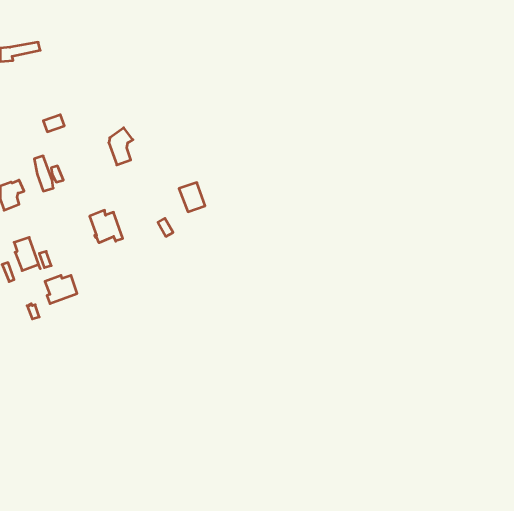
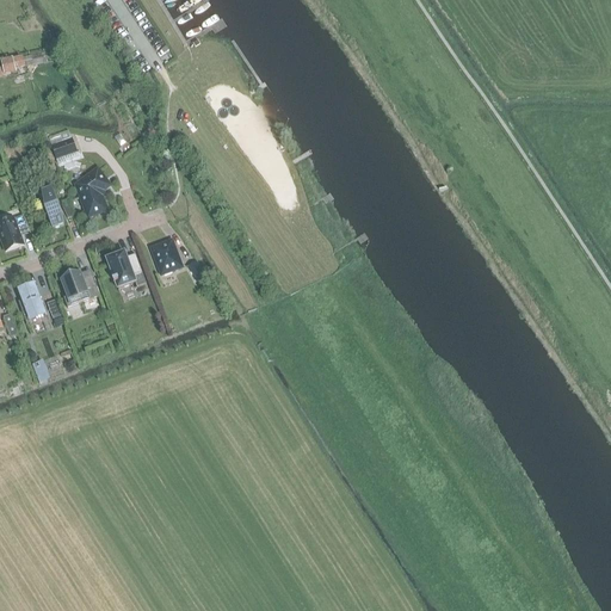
building: [109,128,133,165] -> [79,169,107,214]
building: [179,183,205,212] -> [150,239,181,273]
building: [45,275,77,304] -> [61,272,99,306]

